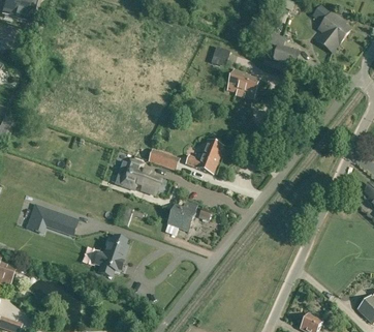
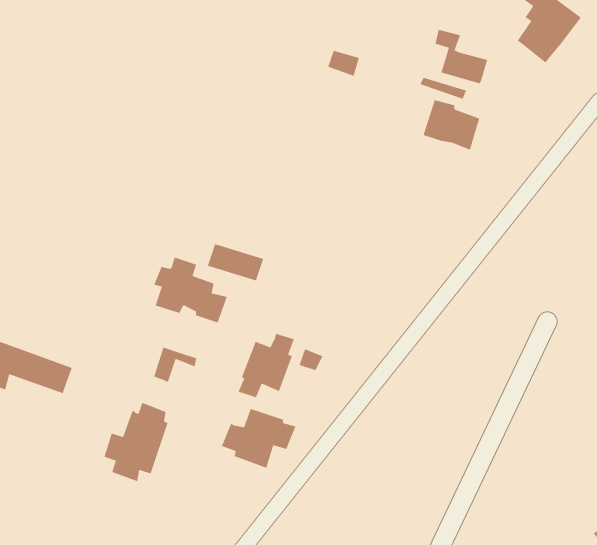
building: [227,68,258,96] -> [423,99,480,151]
building: [185,139,223,173] -> none
building: none -> [221,407,297,469]

